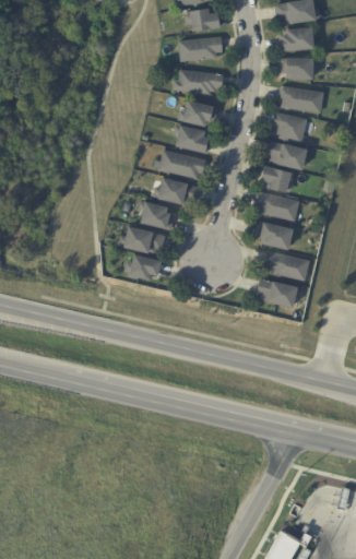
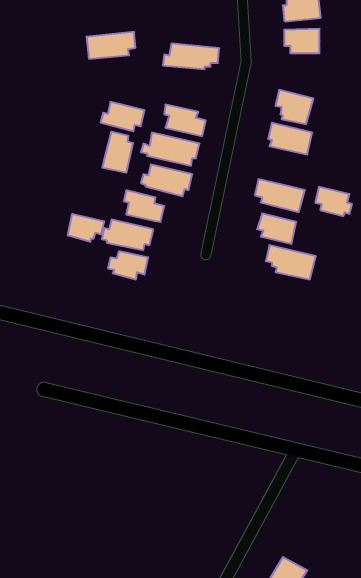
building: [178,36,222,60] -> [86,32,135,59]
building: [278,85,323,111] -> none
building: [178,100,217,127] -> [101,102,145,131]
building: none -> [102,132,133,173]
building: [260,166,293,192] -> [315,187,352,216]
building: none -> [68,214,104,242]
building: [257,280,296,308] -> none

